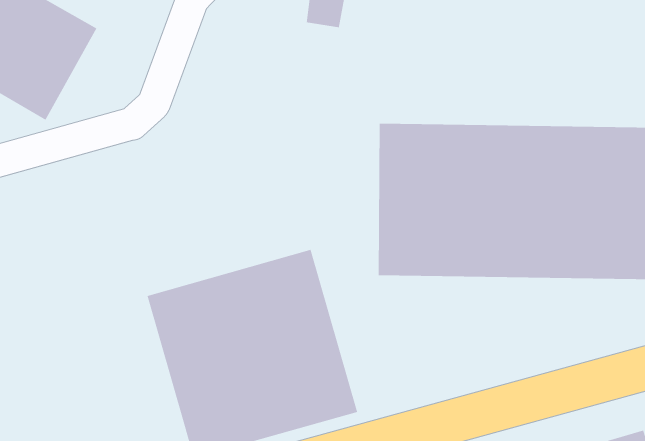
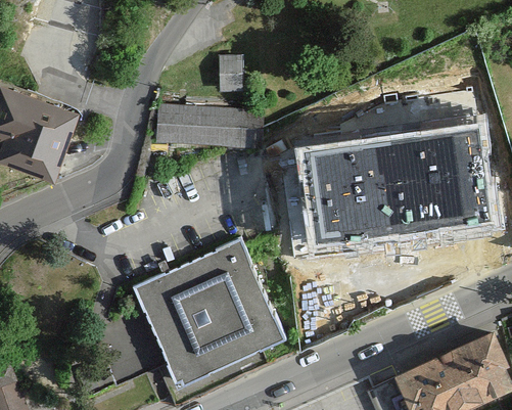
building: none -> [156,103,263,148]

